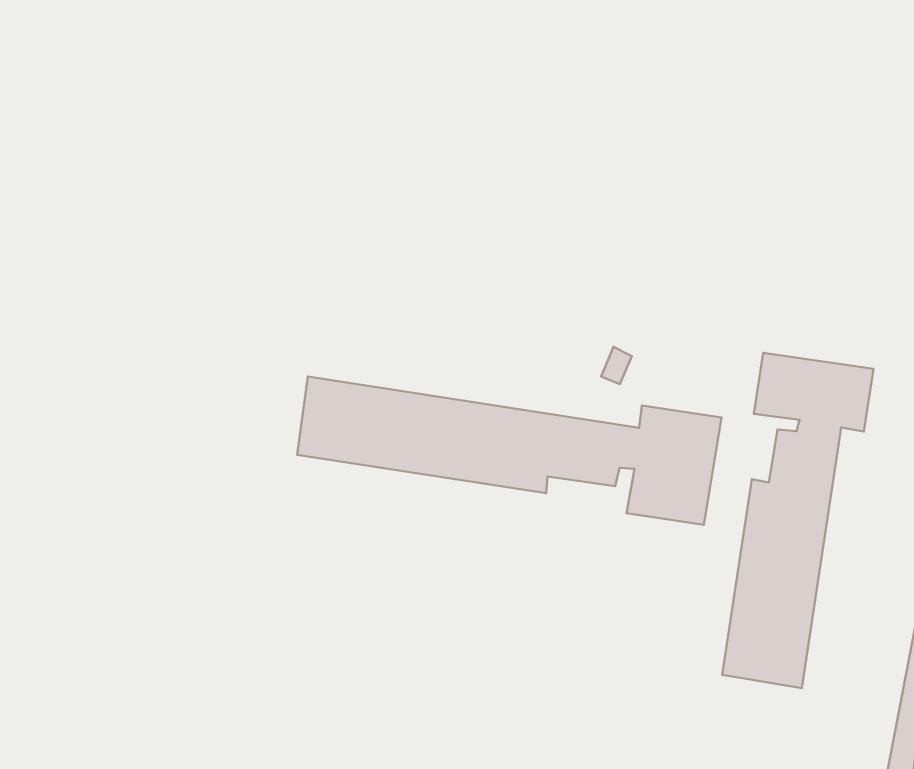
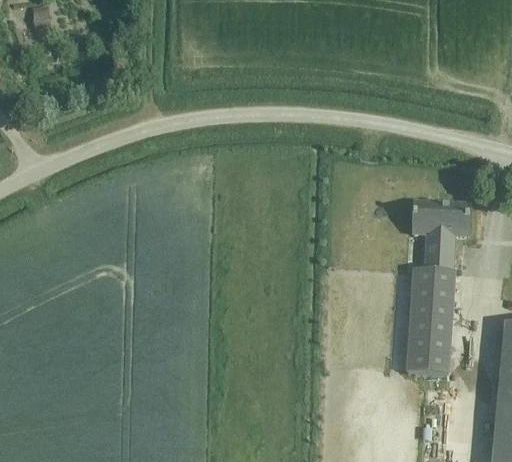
building: [297,377,722,525] -> none

